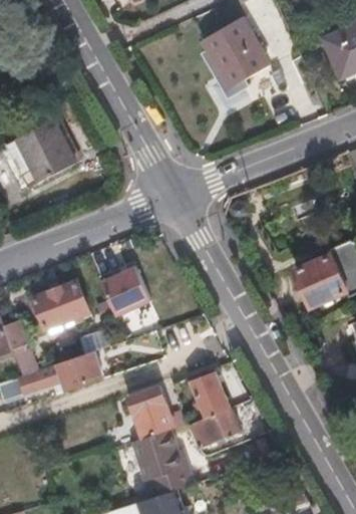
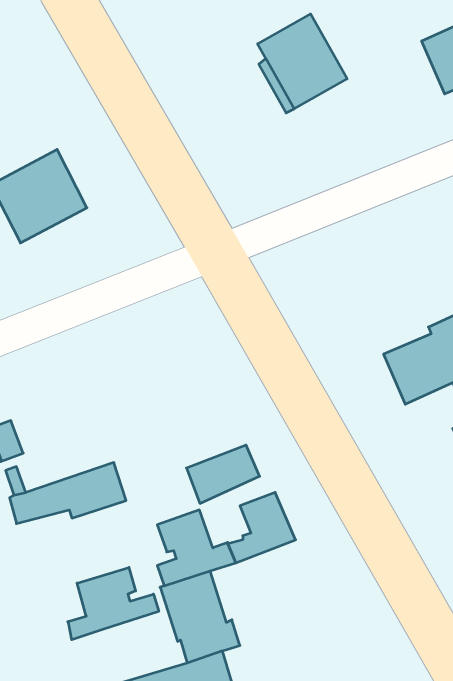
building: [102,268,150,316] -> none
building: [33,280,90,329] -> none
building: [187,408,241,451] -> [186,445,260,503]
building: none -> [68,567,159,640]

